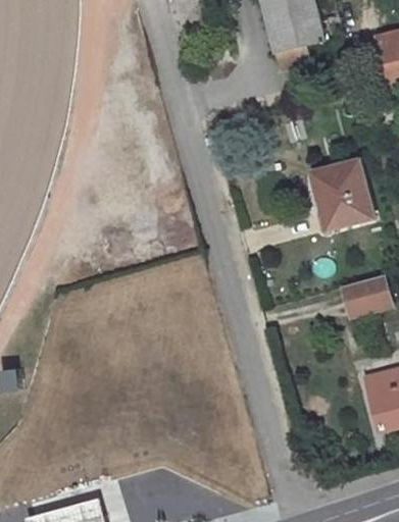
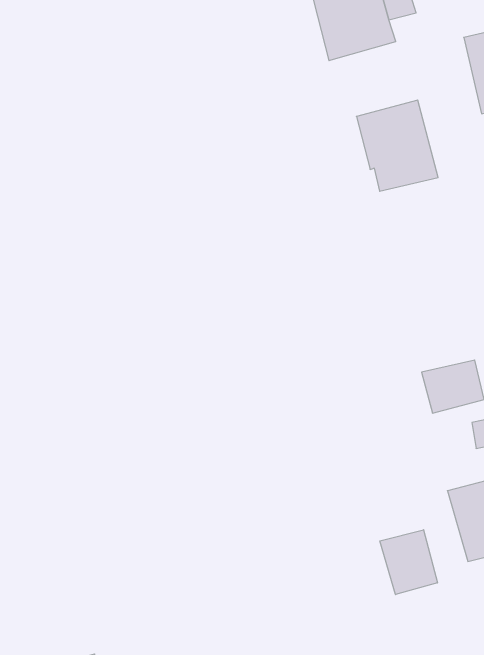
building: [311,159,372,227] -> [356,100,438,191]
building: none -> [380,530,437,595]

